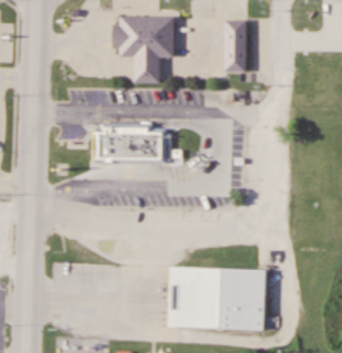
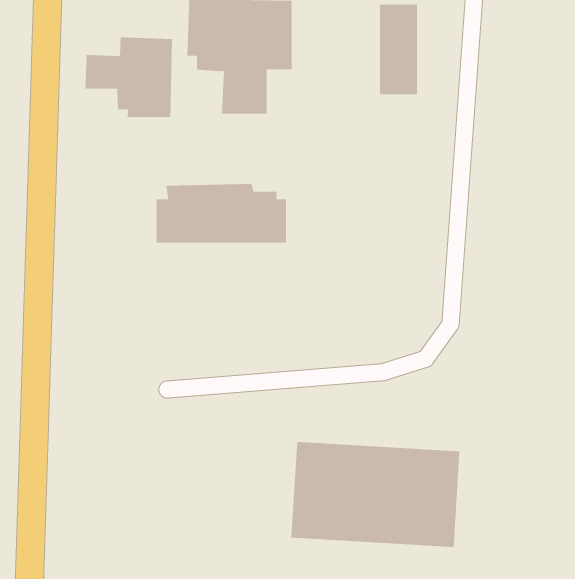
building: none -> [85,36,172,118]

